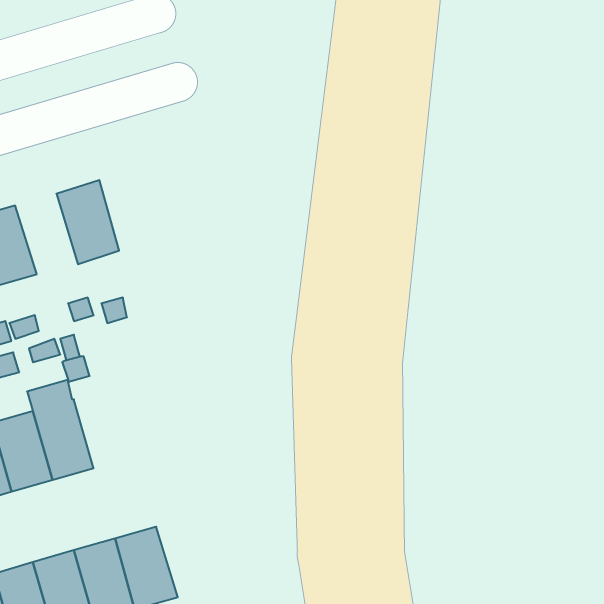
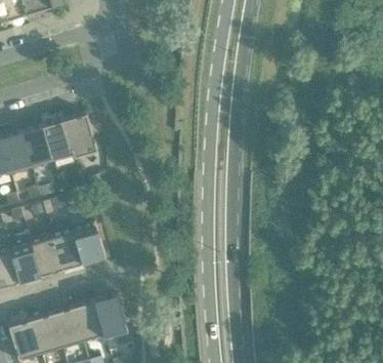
building: none -> [41,119,74,161]
building: none -> [72,218,104,263]

